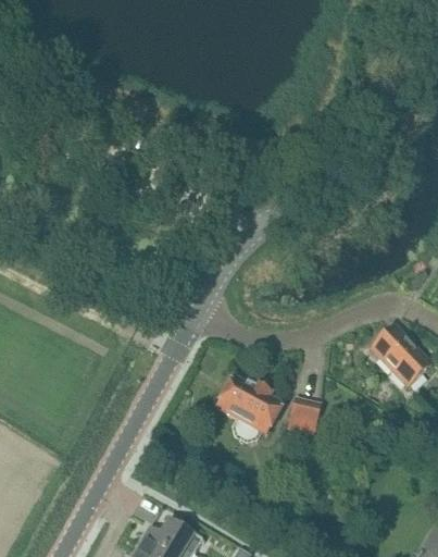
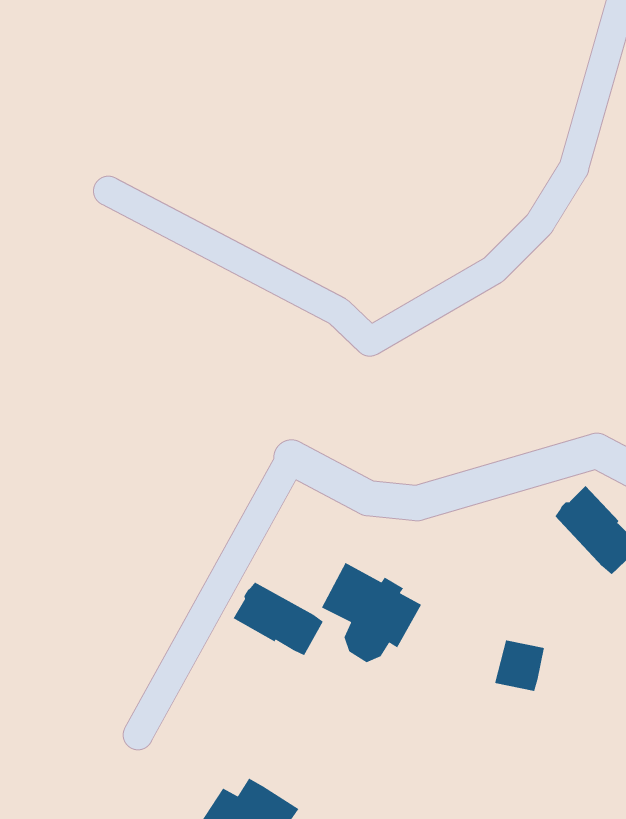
building: none -> [233,581,324,656]
building: [288,396,322,431] -> [494,639,545,692]

